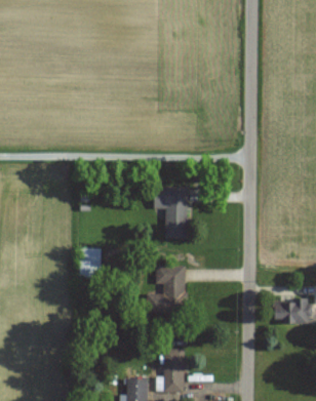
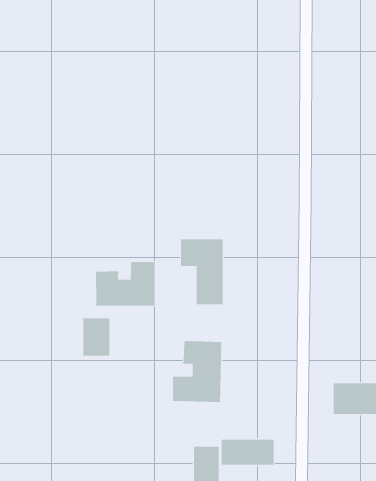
building: none -> [96,261,155,306]
building: none -> [221,439,274,465]

